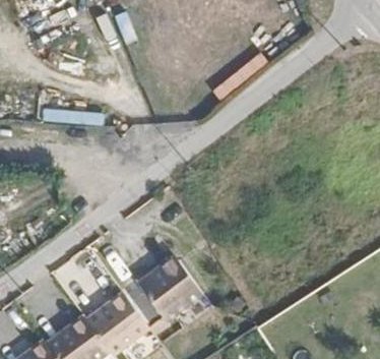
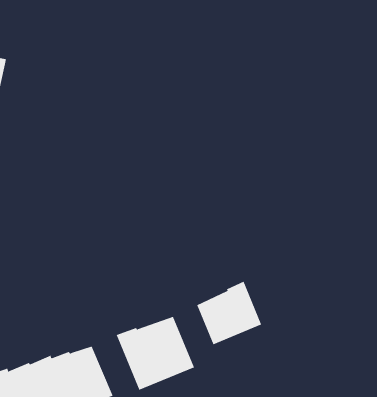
building: none -> [196,281,262,345]

